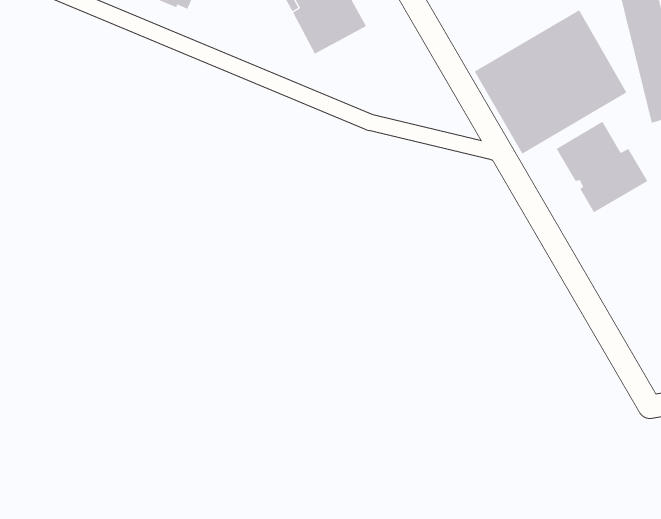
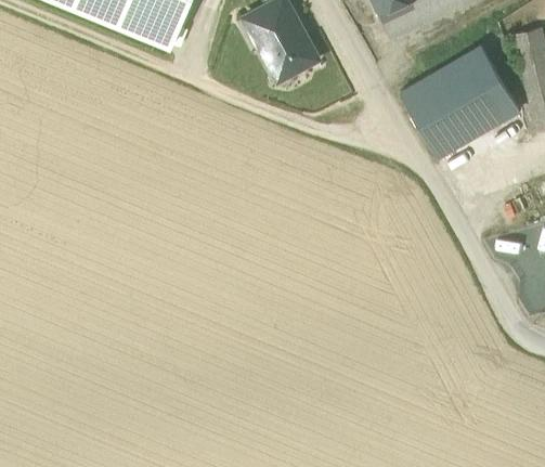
building: [556,121,648,213] -> none

